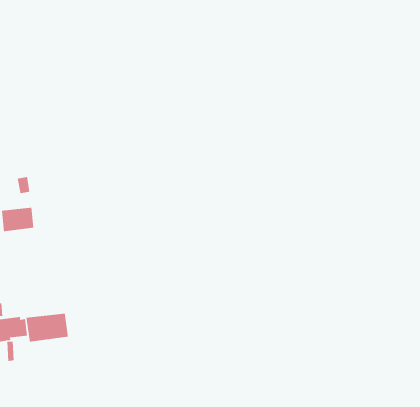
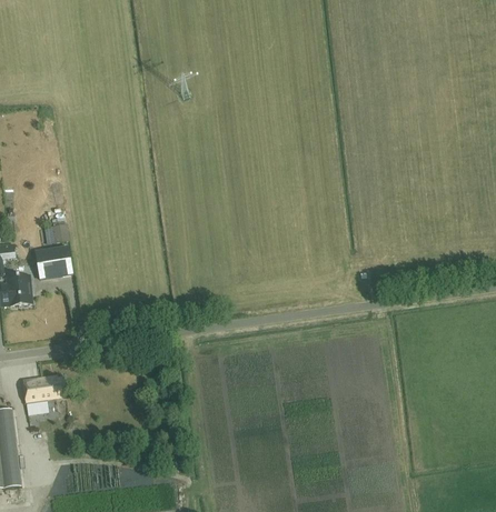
building: [26,313,68,343] -> none

